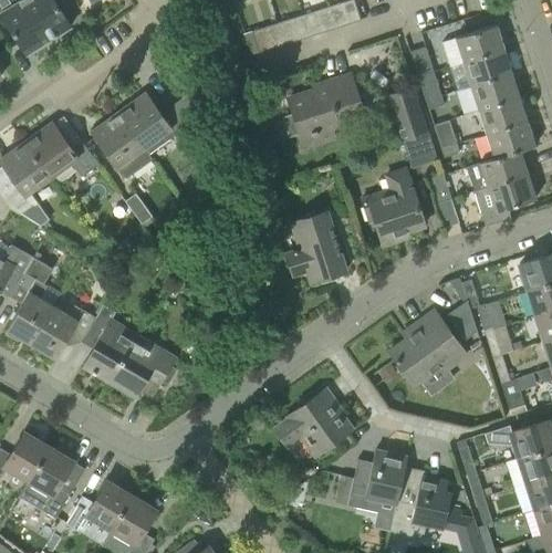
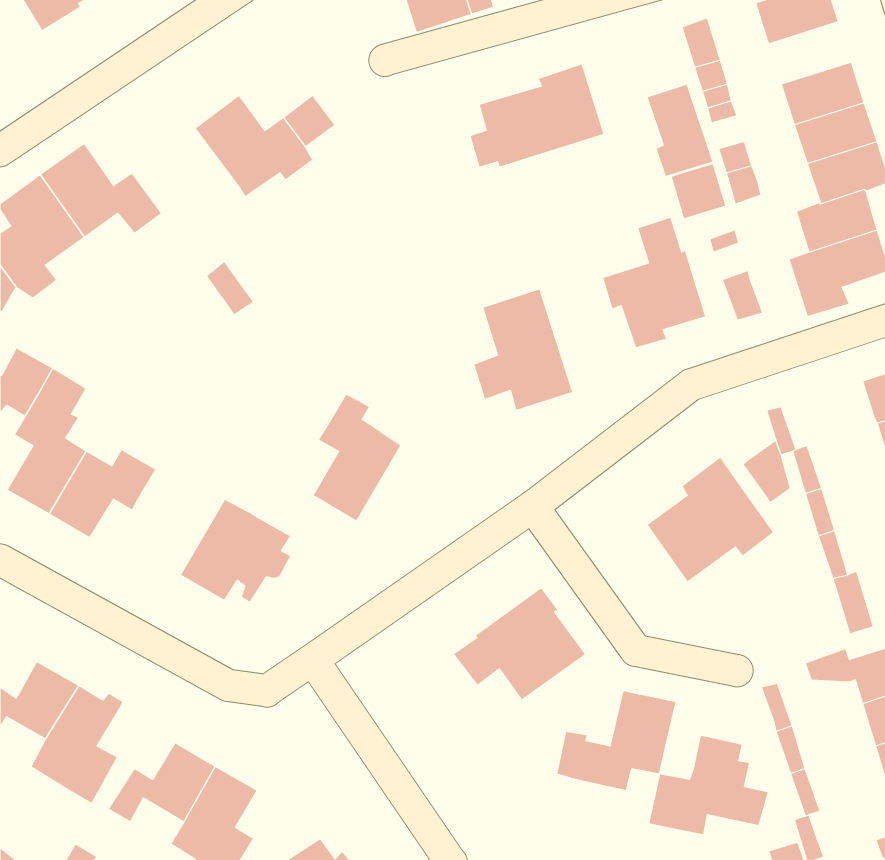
building: [462,49,512,86] -> none
building: [92,113,153,179] -> none
building: [83,304,136,380] -> [313,394,401,521]

